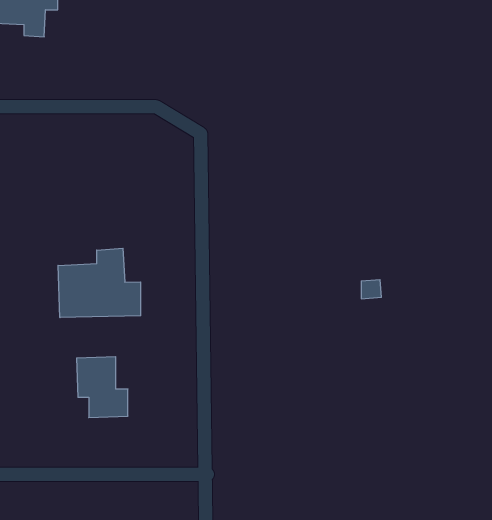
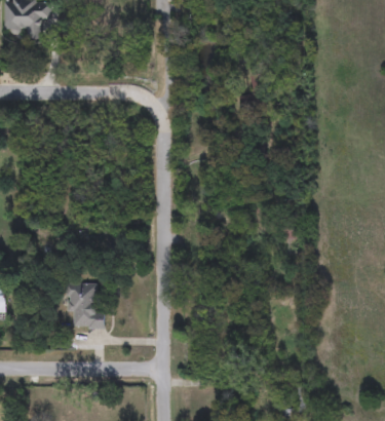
building: [58,248,141,318] -> none

